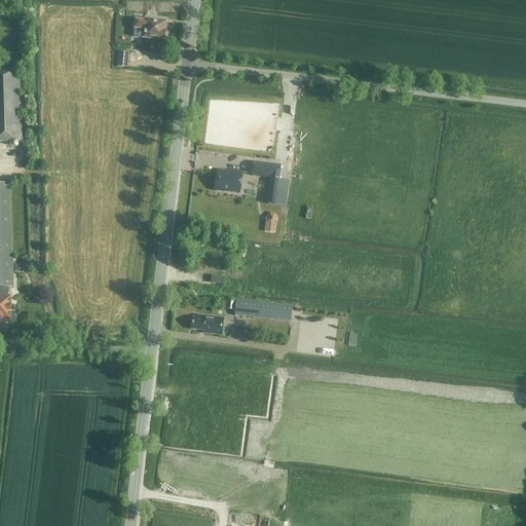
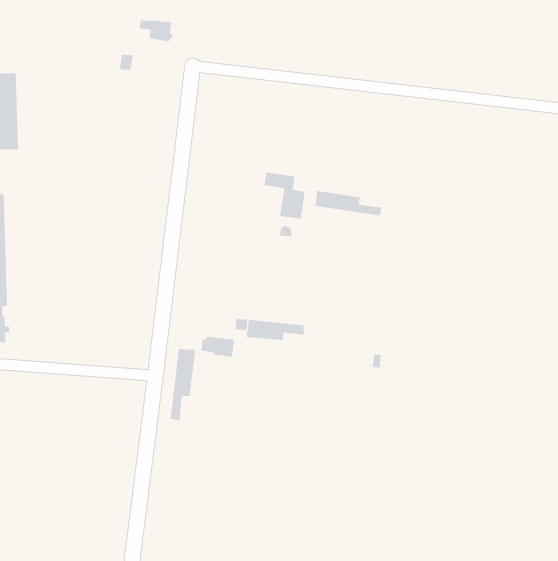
building: [210,170,237,191] -> none
building: none -> [315,190,382,216]
building: none -> [170,348,196,422]

